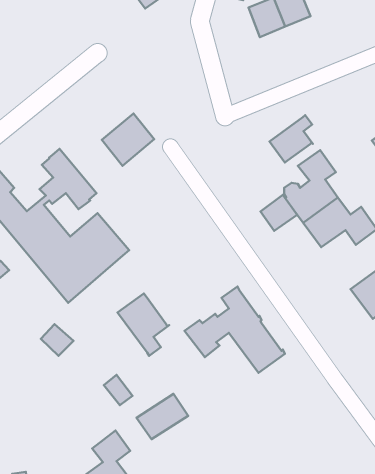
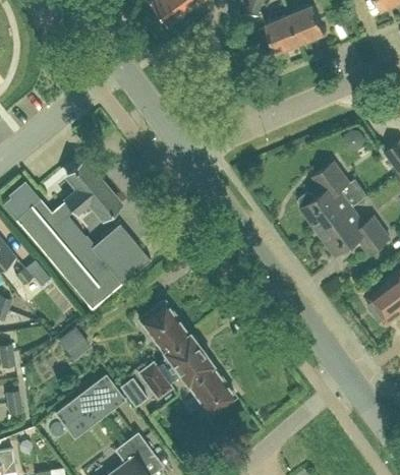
building: [102,113,154,166] -> none
building: [269,115,313,163] -> none
building: [260,195,297,231] -> none
building: [185,286,285,373] -> [138,331,235,414]
building: none -> [56,374,126,438]

